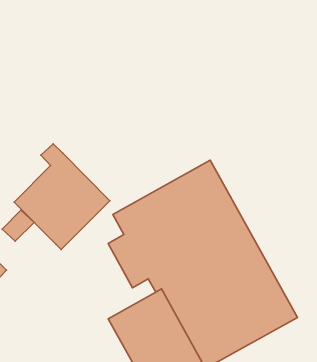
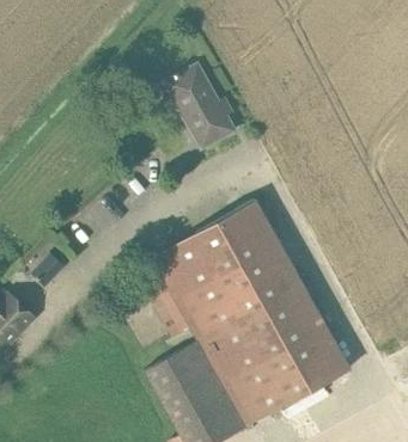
building: none -> [165,63,236,149]
building: [14,144,110,250] -> none

